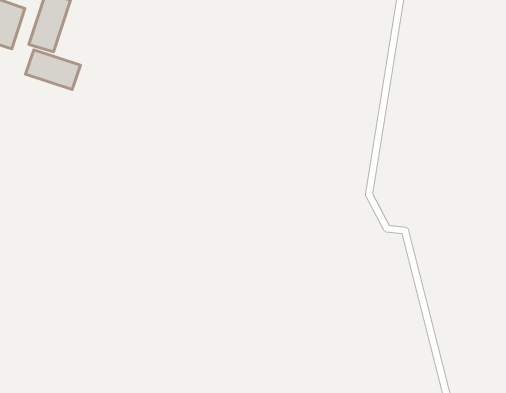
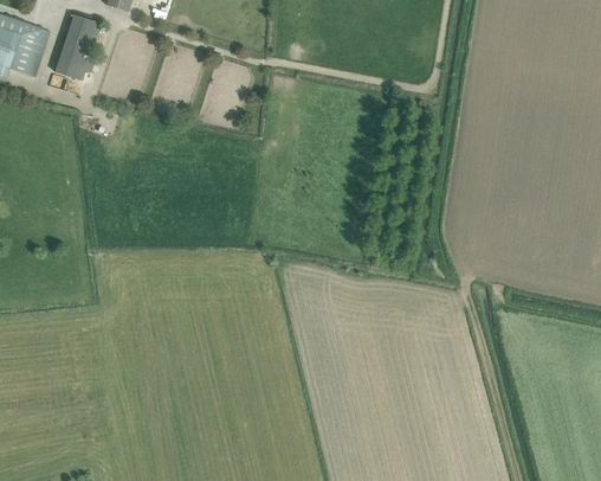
building: [25,50,80,89] -> none

